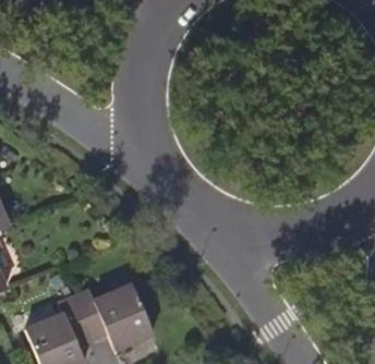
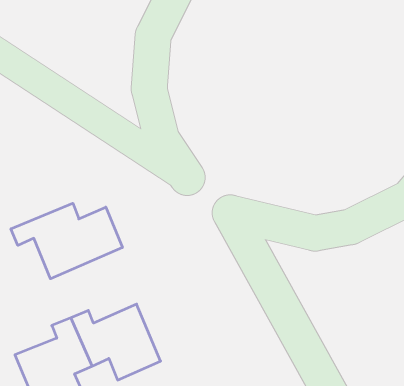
building: none -> [11,203,122,279]

